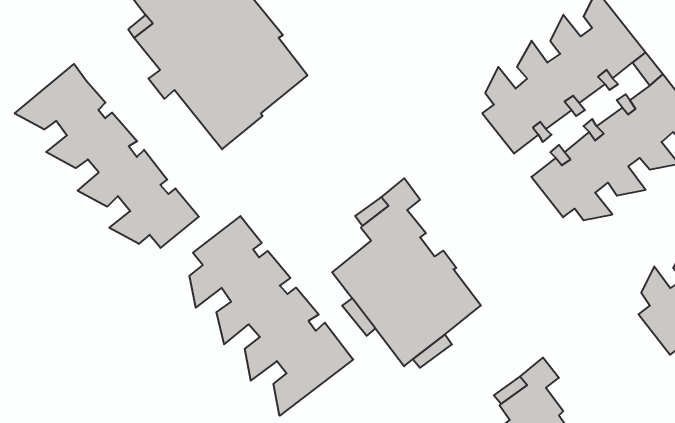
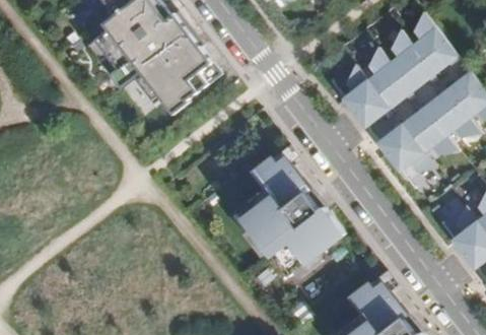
building: [15,64,199,248] -> none
building: [190,216,353,416] -> none

